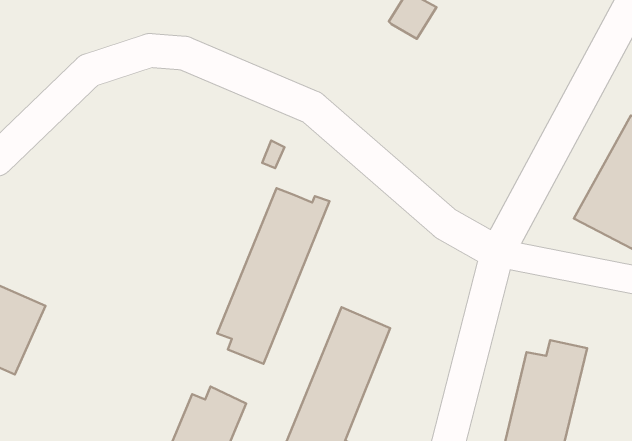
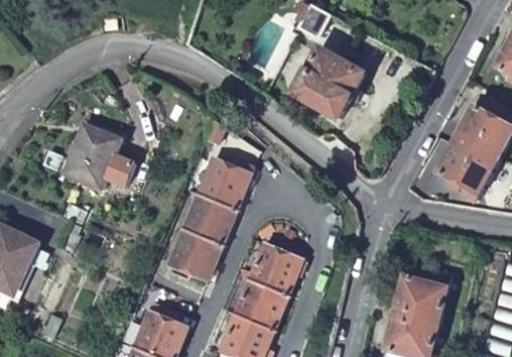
building: none -> [296,49,366,119]
building: none -> [59,124,133,189]

